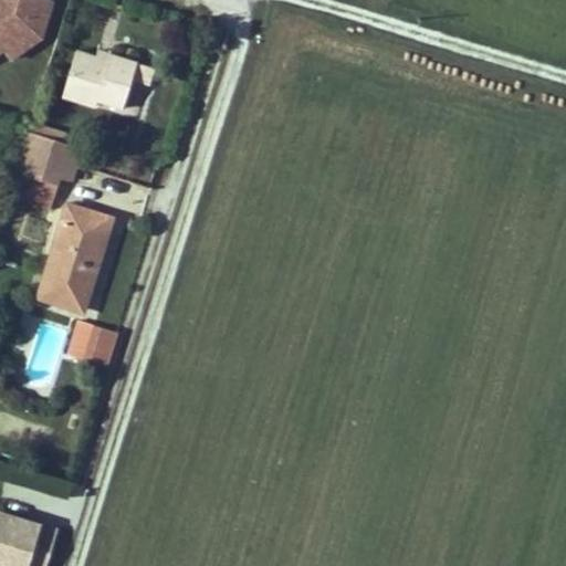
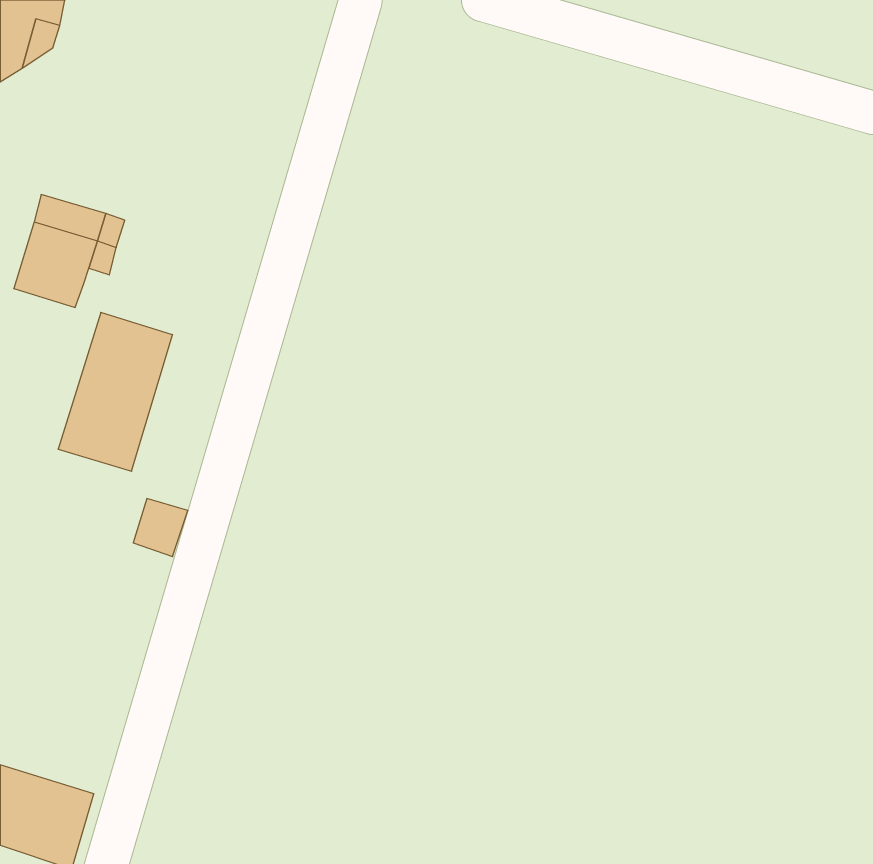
building: [60,50,151,112] -> none

